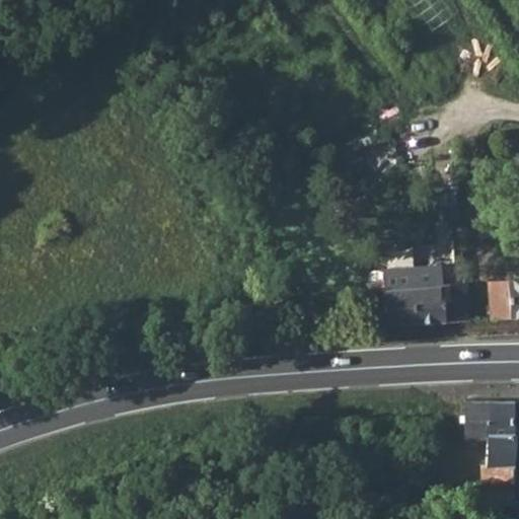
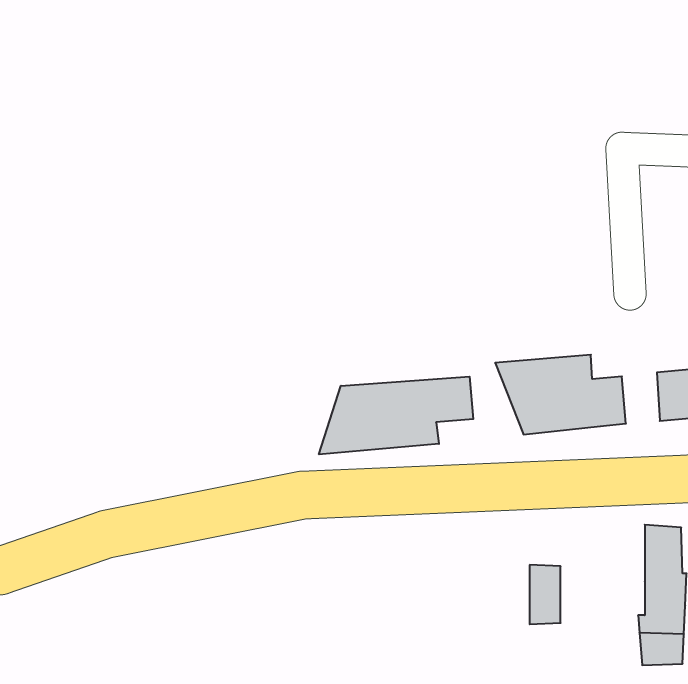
building: none -> [319,377,473,454]
building: [462,393,486,438] -> [530,565,561,624]

